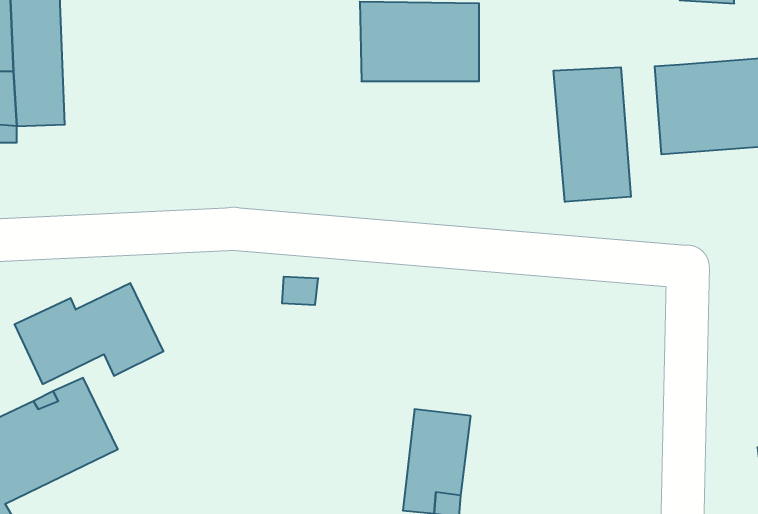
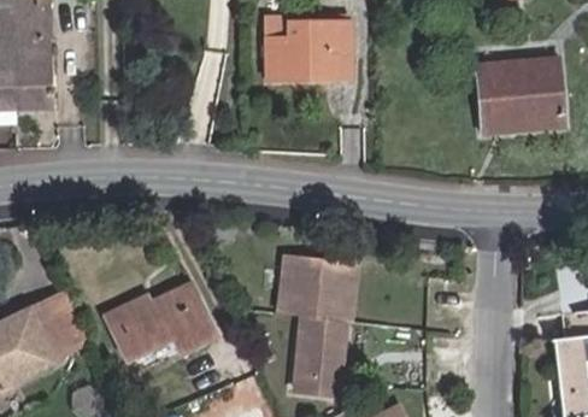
building: [554,67,631,202] -> none
building: [14,283,164,384] -> [105,287,213,360]
building: none -> [278,257,357,322]

